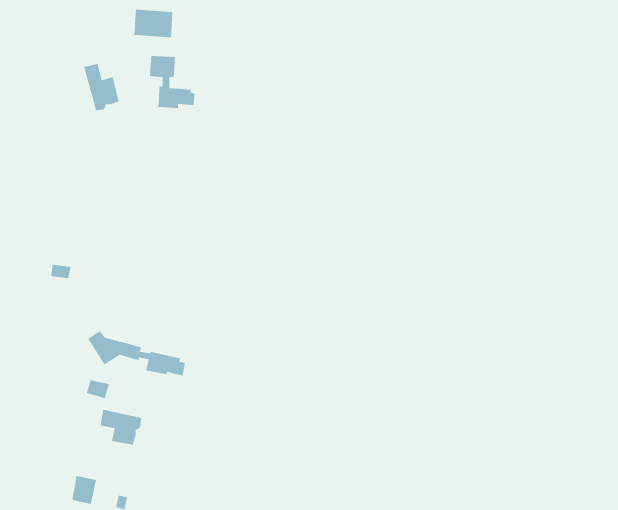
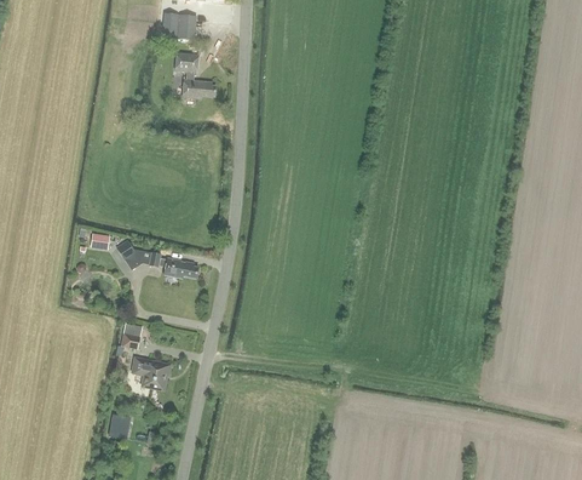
building: [83,63,120,111] -> none
building: [87,330,186,377] -> [115,239,200,279]

